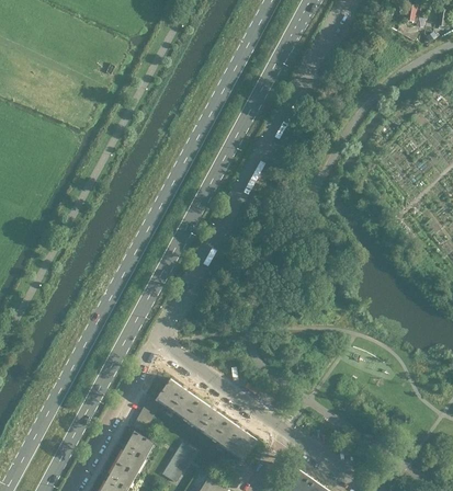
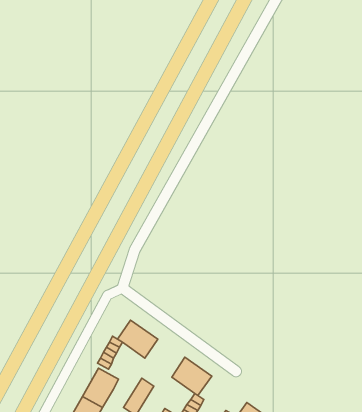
building: [184,399,228,441] -> none

